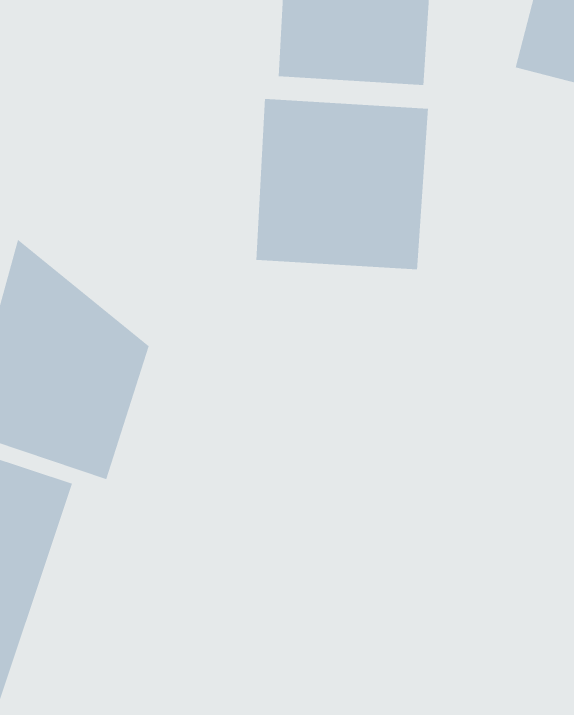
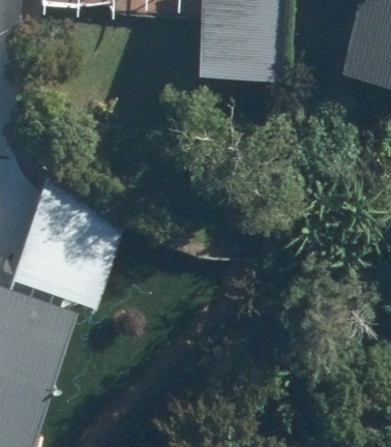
building: [256,98,429,270] -> none

